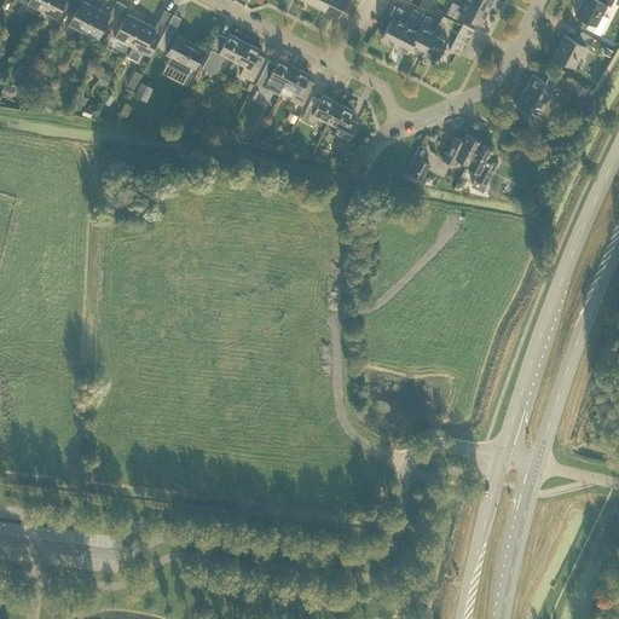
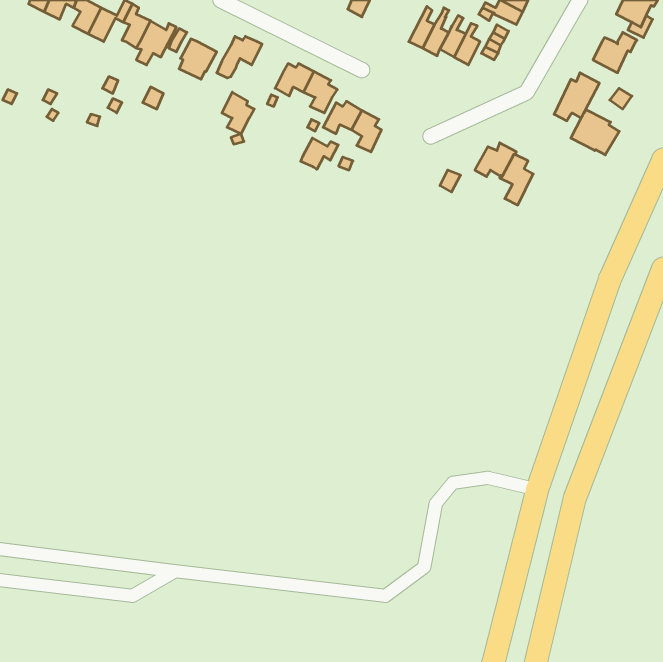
building: [235,42,265,81] -> [222,92,254,134]
building: none -> [571,110,619,155]
building: none -> [301,138,338,169]

